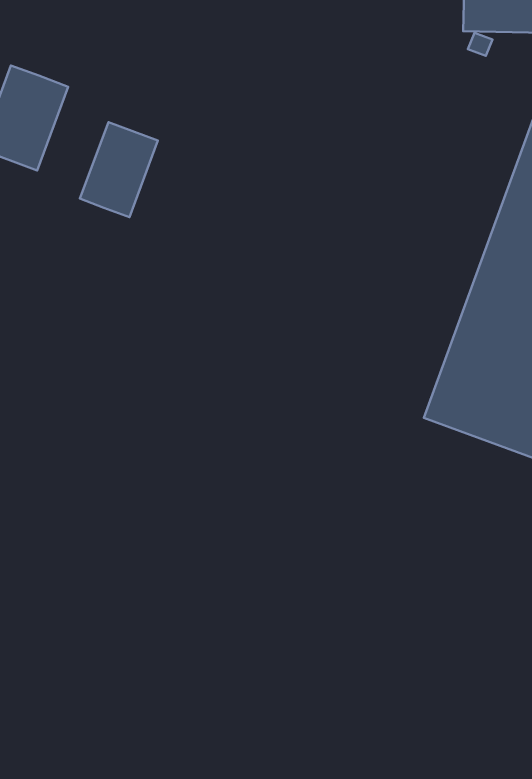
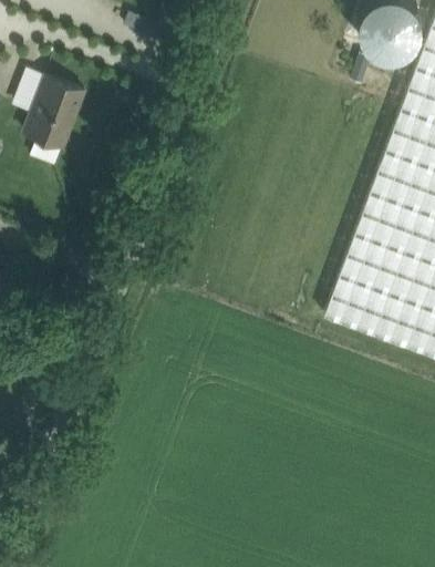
building: [80,122,158,217] -> none

